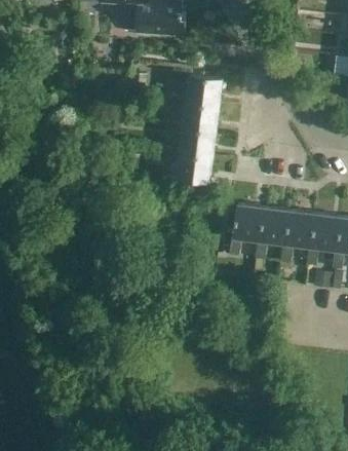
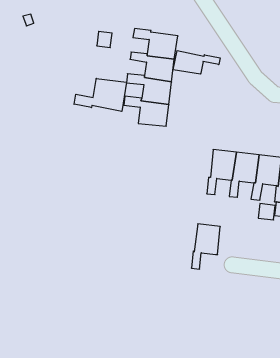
building: none -> [173,51,220,74]
building: none -> [74,78,127,111]
building: [229,205,262,257] -> [191,224,220,269]

